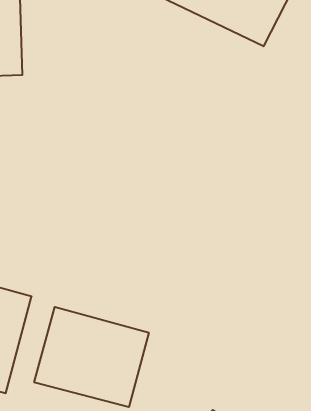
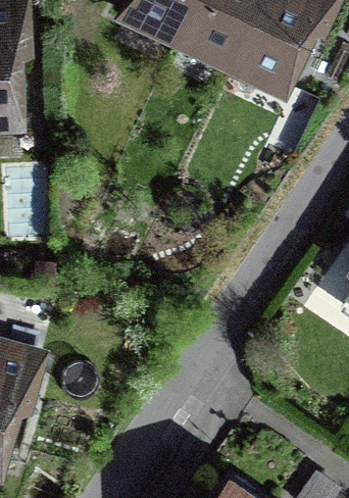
building: [34,307,149,407] -> none

